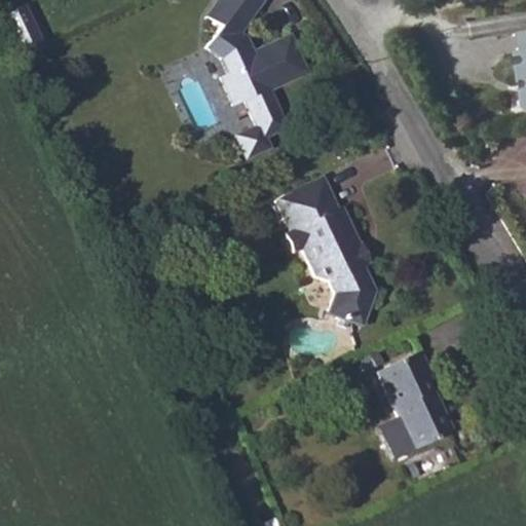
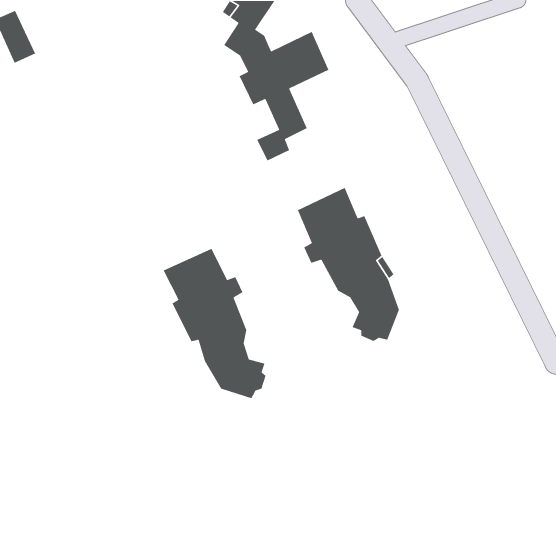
building: none -> [163,248,267,399]
building: [370,352,446,449] -> none

